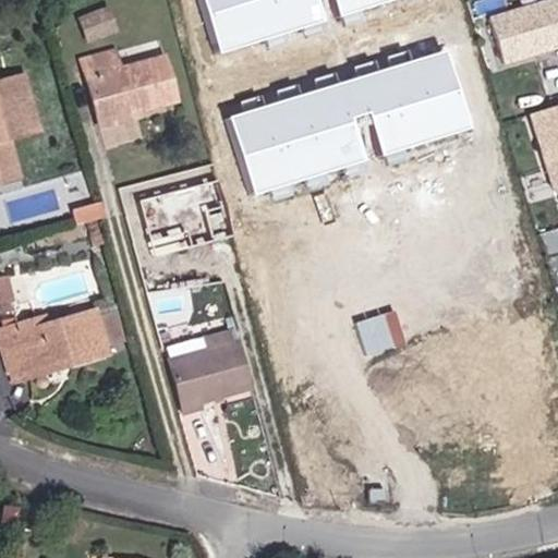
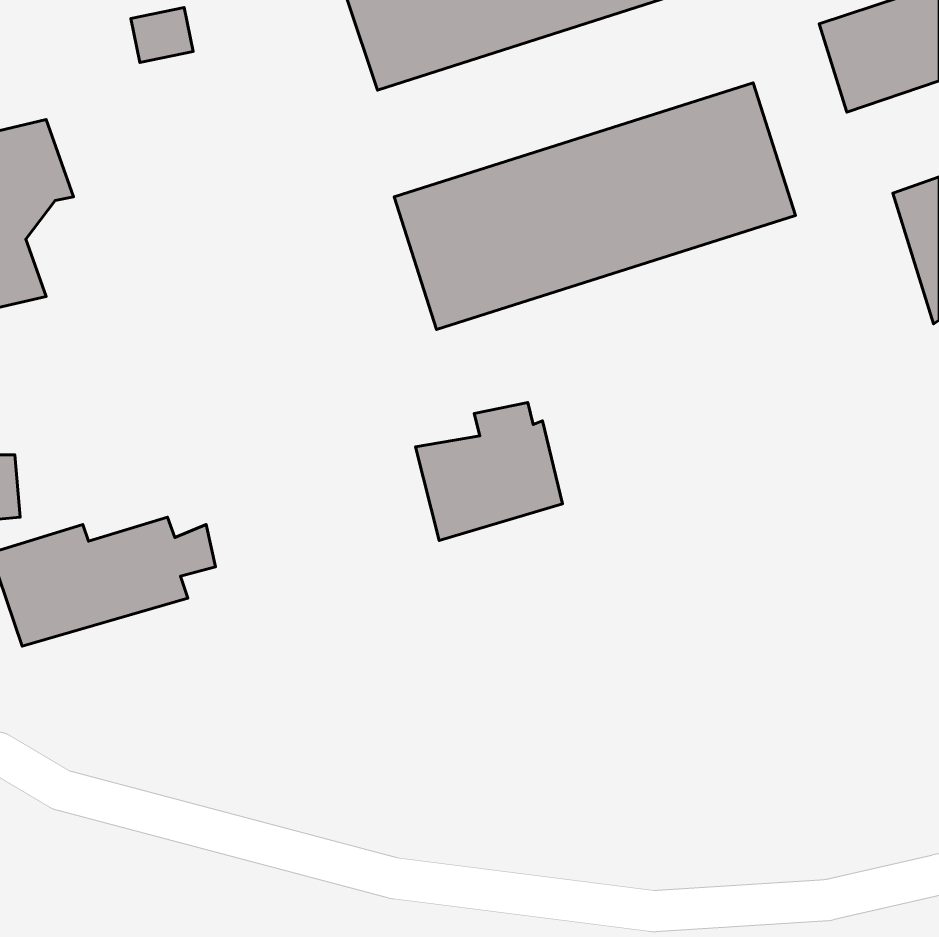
building: [80,47,181,128] -> none
building: [168,330,255,412] -> [415,403,563,541]

